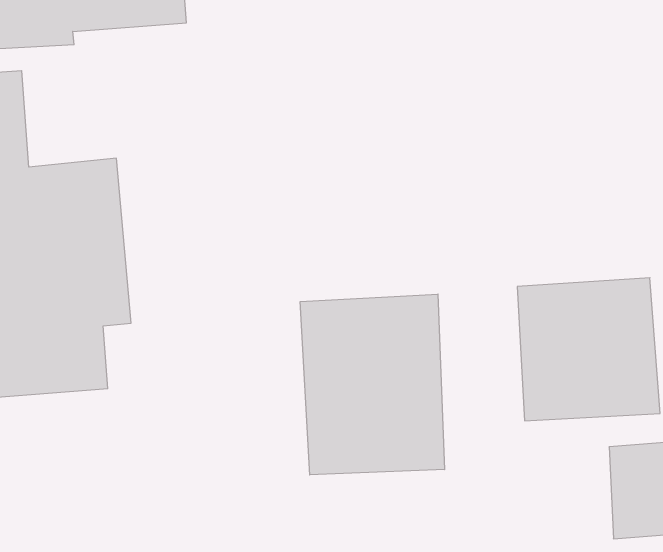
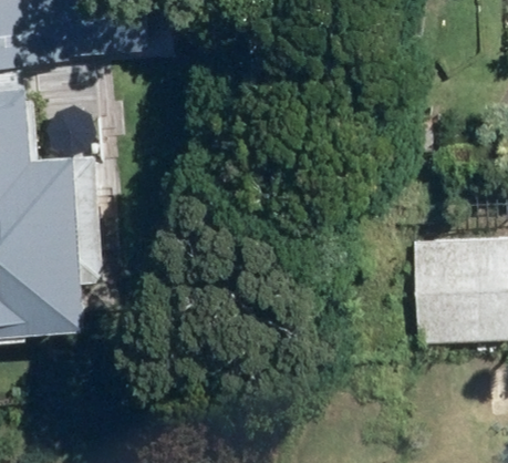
building: [300,294,445,475] -> none

